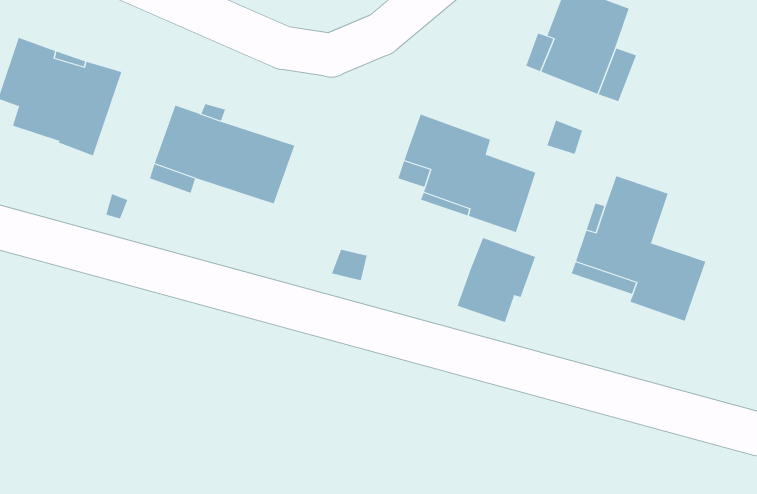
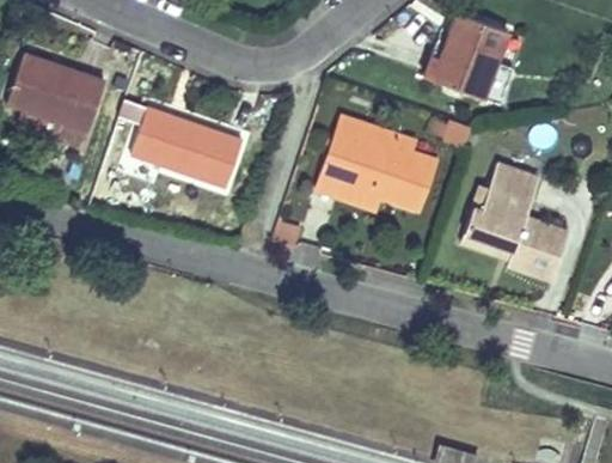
building: [457,237,536,323] -> none

